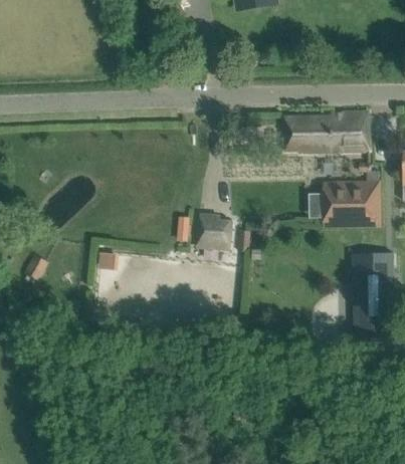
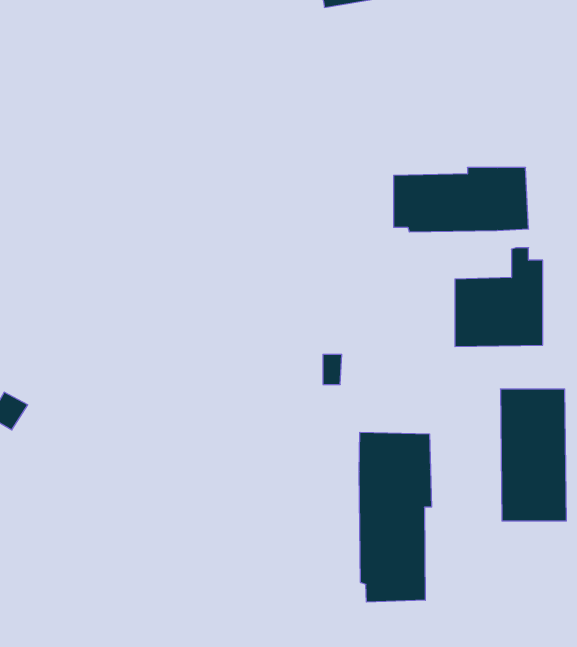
building: [196,214,231,249] -> none
building: none -> [359,432,432,602]

